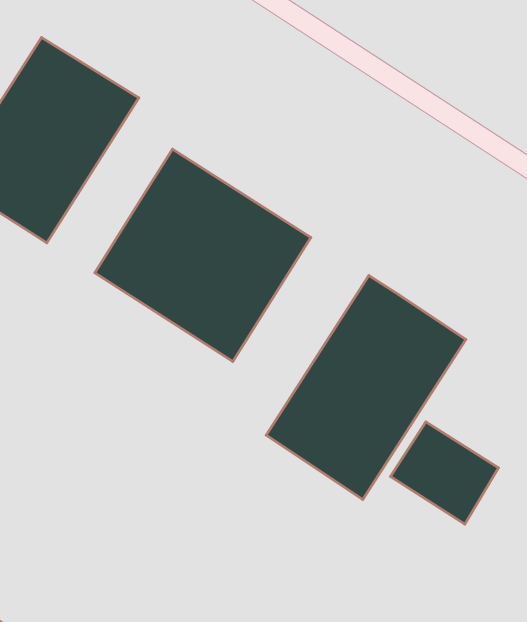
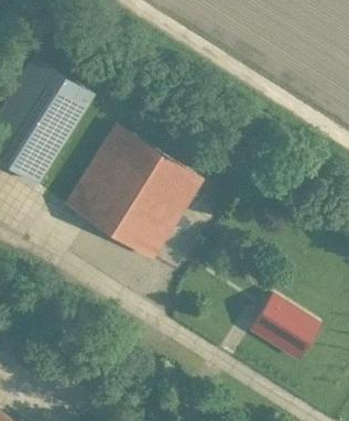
building: [266,275,466,499] -> none

